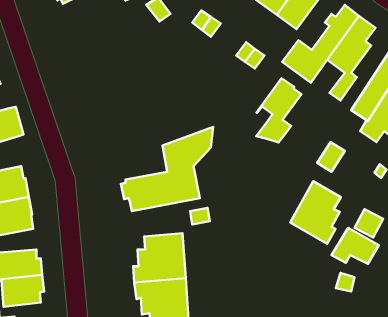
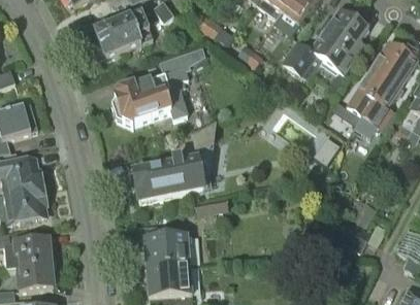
building: none -> [91,10,154,60]
building: none -> [110,66,189,125]
building: [256,78,301,143] -> none
building: [290,181,341,244] -> none

